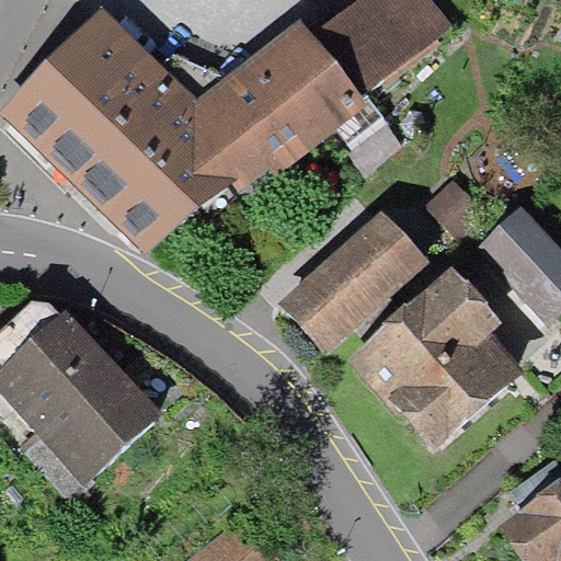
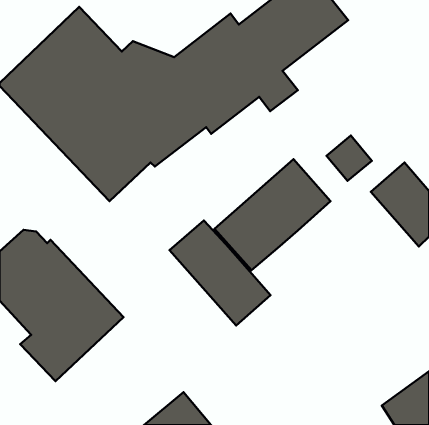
building: [348,268,520,448] -> none
building: none -> [170,220,270,326]

